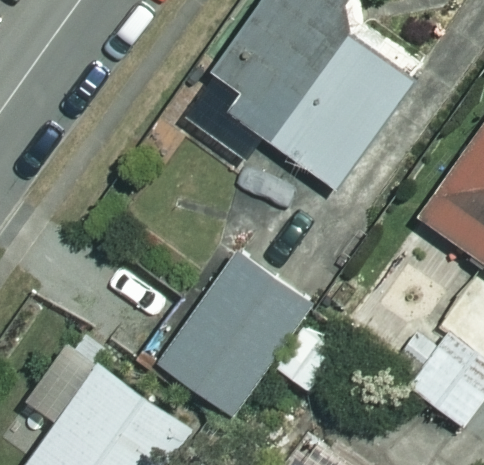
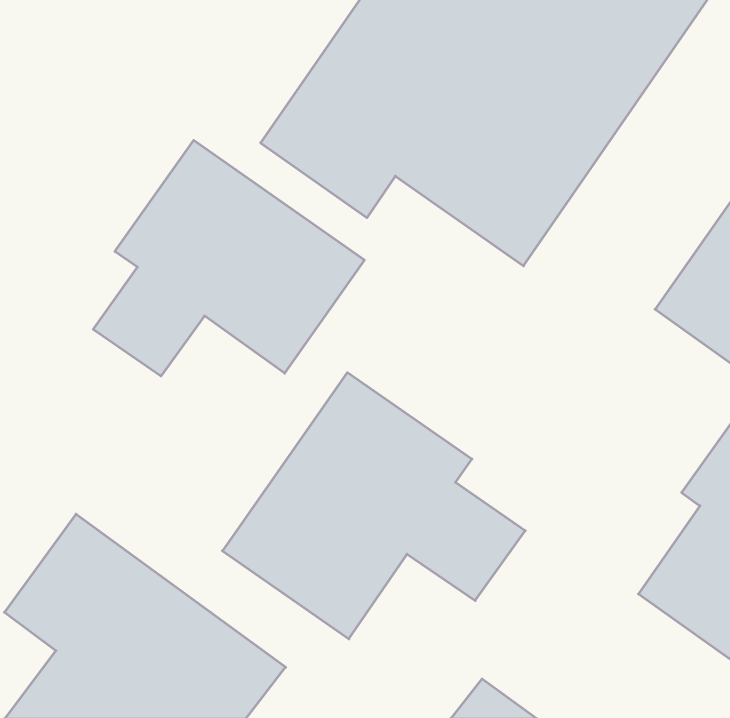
building: none -> [93,140,364,376]

